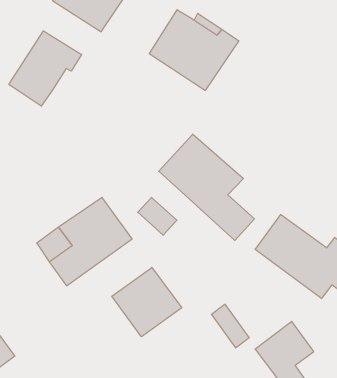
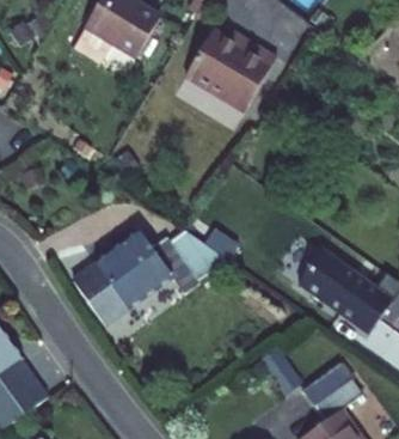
building: [9,31,82,106] -> none
building: [159,134,254,240] -> none
building: [112,267,182,337] -> none

